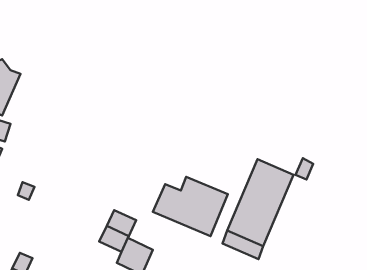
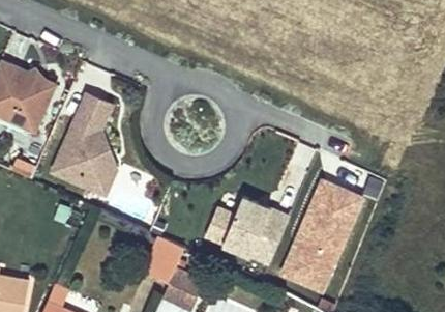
building: none -> [51,92,117,196]

